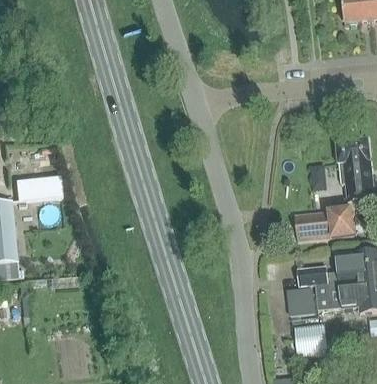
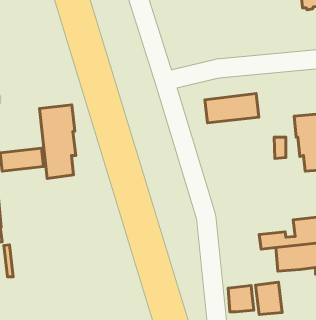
building: none -> [39,105,76,178]
building: [295,208,354,240] -> [205,93,259,123]
building: [288,286,316,315] -> [228,285,254,312]

